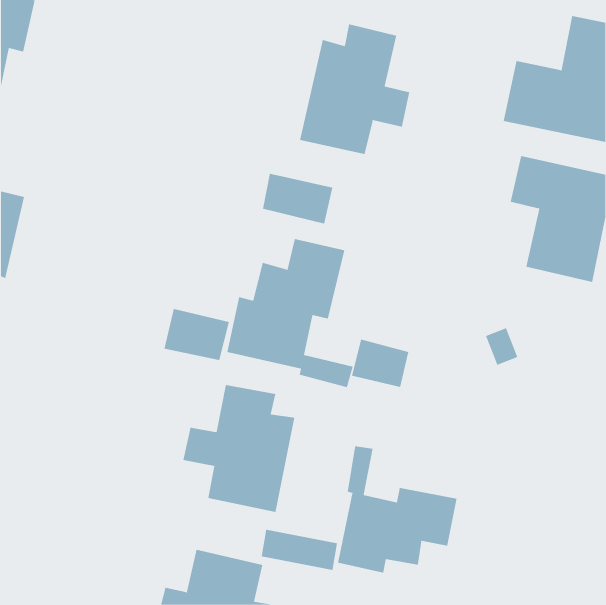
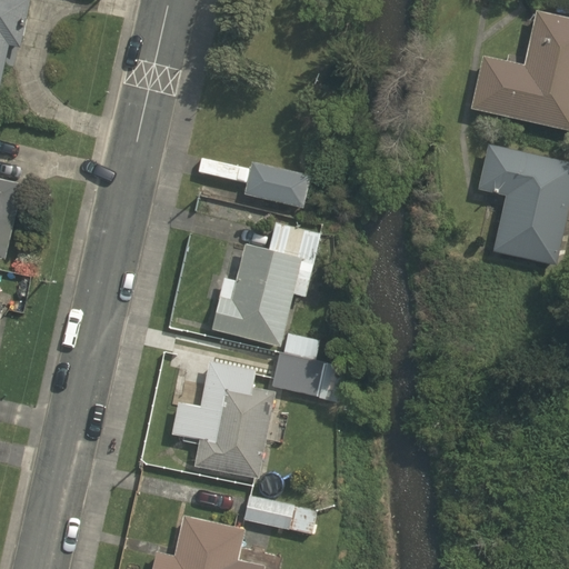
building: [300,23,410,155] -> none
building: [164,308,230,361] -> none
building: [351,339,409,388] -> [271,351,326,397]
building: [338,446,457,573] -> none

